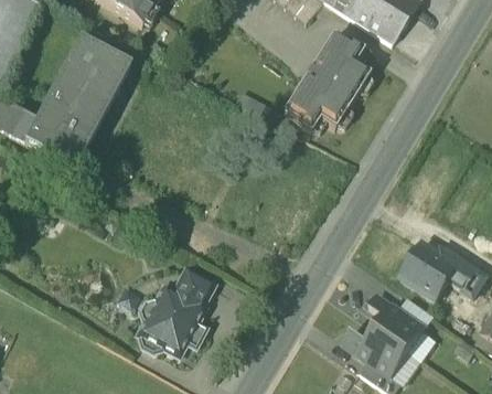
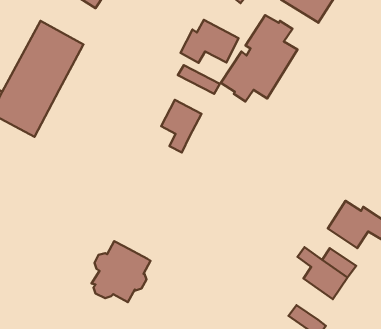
building: none -> [181,20,239,63]
building: none -> [161,100,201,153]
building: [174,270,213,307] -> none
building: [344,329,409,375] -> none

